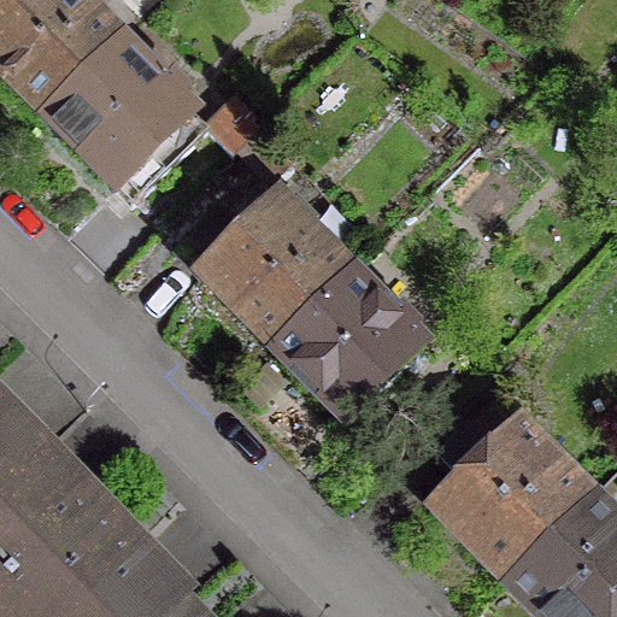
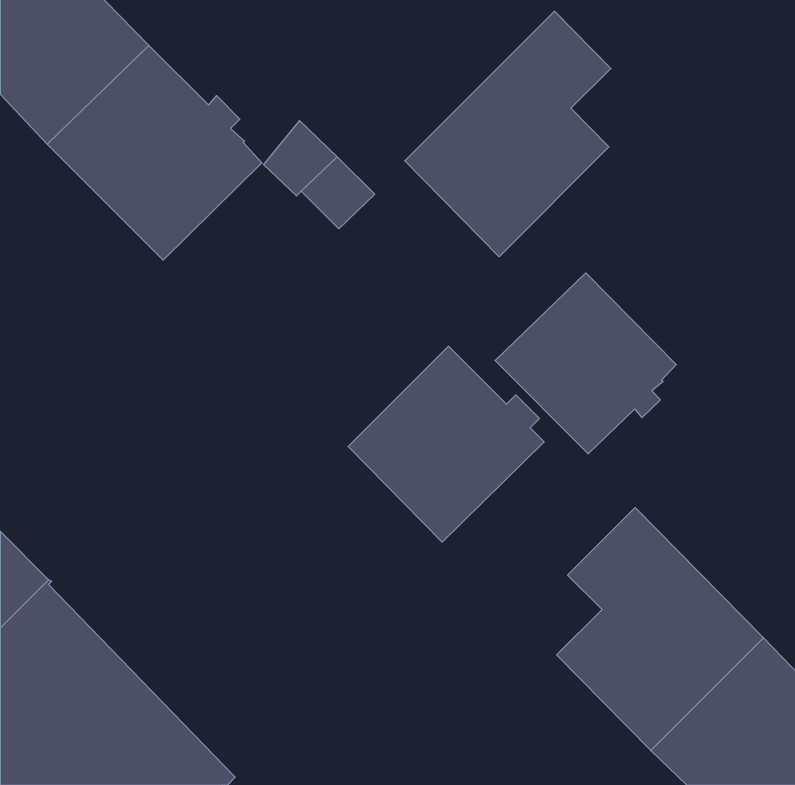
building: none -> [405,11,611,257]
building: [174,183,349,343] -> none
building: none -> [495,273,676,454]

